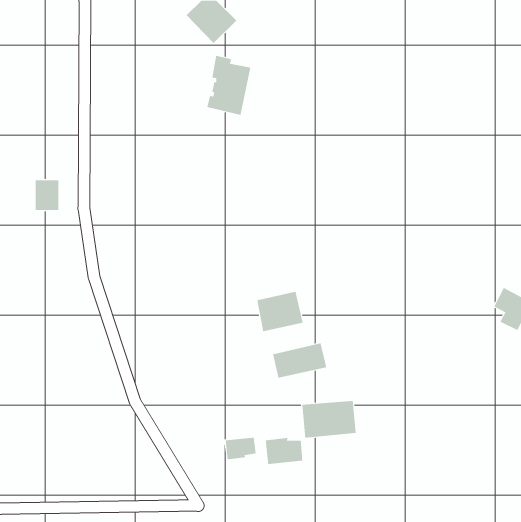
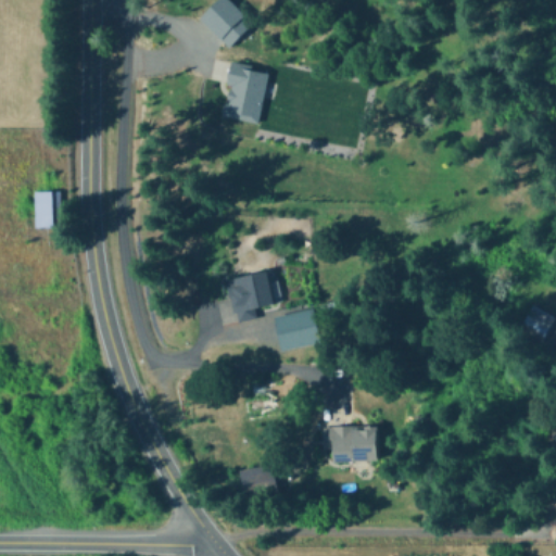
building: none -> [226,271,280,325]
building: [273,342,327,378] -> none
building: [265,437,303,465] -> none

